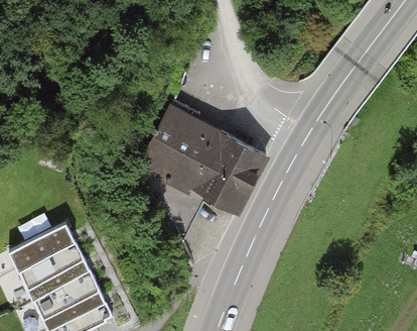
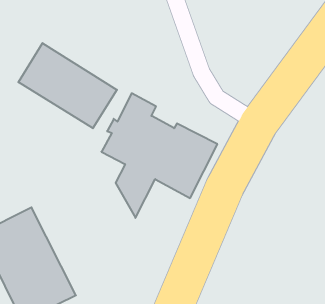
building: none -> [18,43,117,128]

